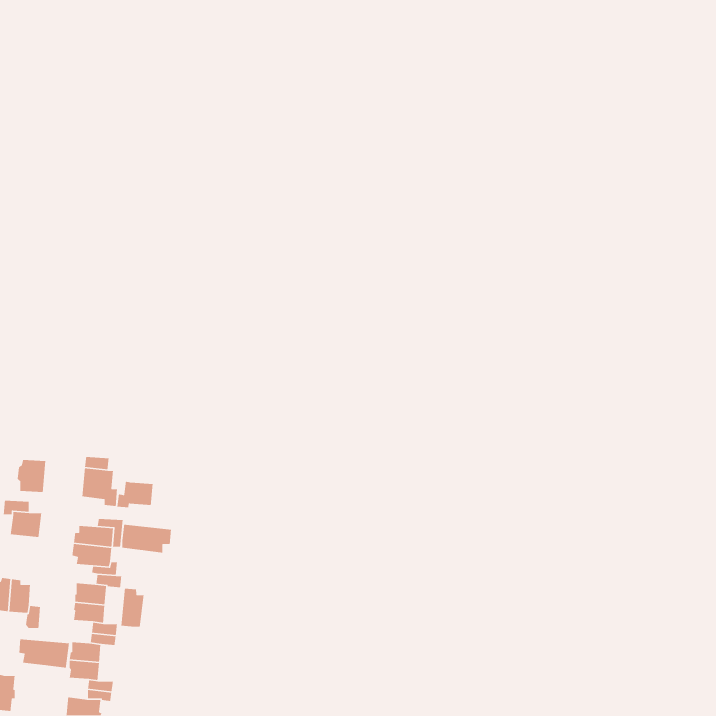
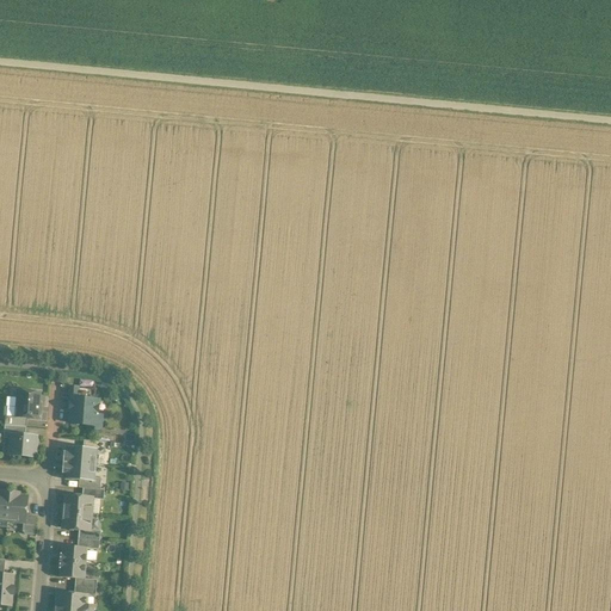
building: [116,481,154,508] -> none
building: [121,524,172,553] -> none
building: [121,588,144,627] -> none
building: [19,638,70,668] -> none

